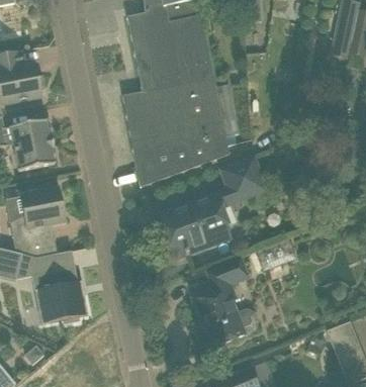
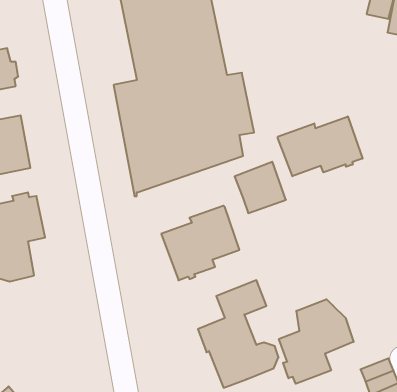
building: none -> [278,116,363,176]
building: [34,267,88,324] -> none
building: none -> [279,299,354,384]

